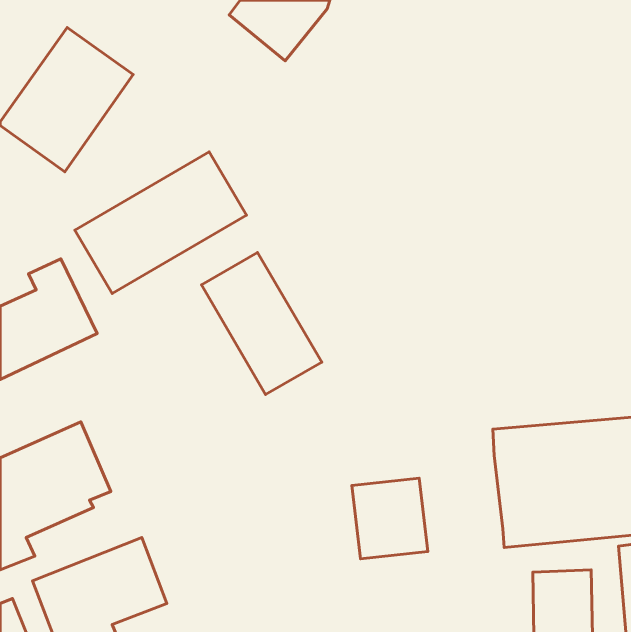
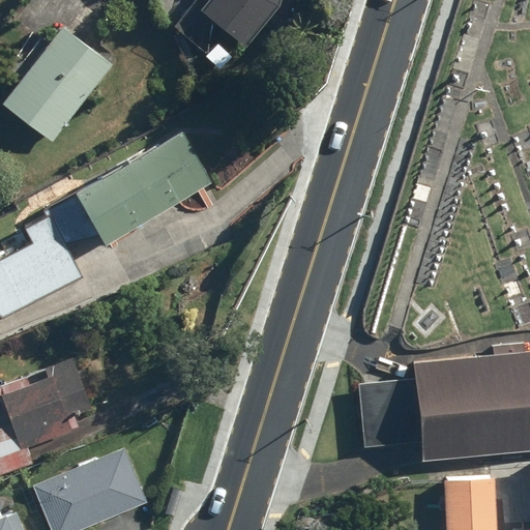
building: [201,252,322,395] -> none
building: [352,478,428,559] -> [359,382,422,449]

